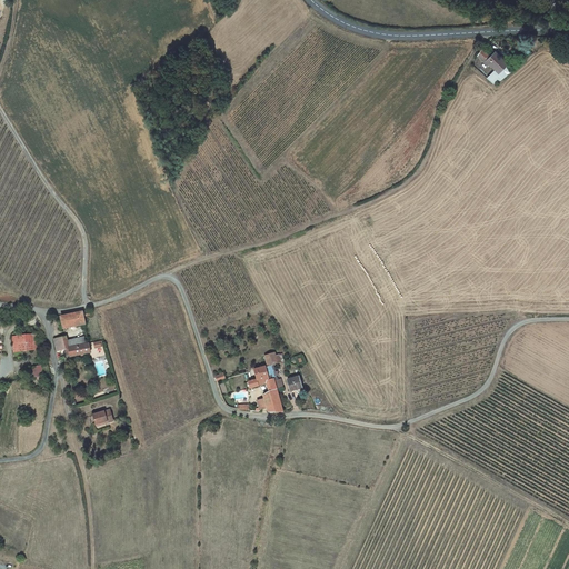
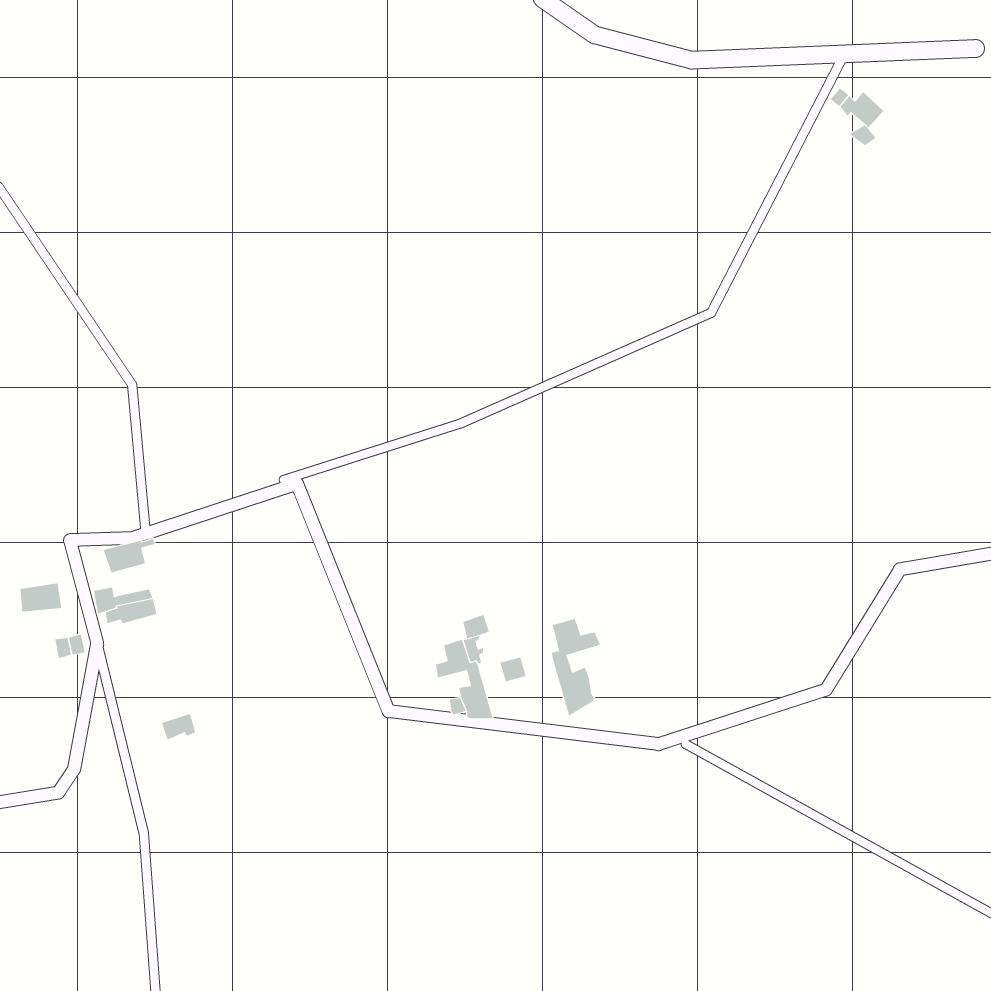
building: none -> [551,618,601,717]

